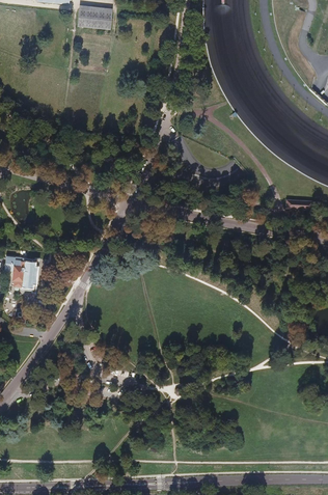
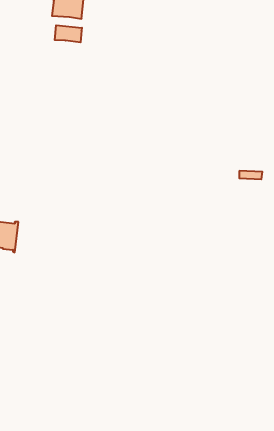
building: none -> [55,25,82,42]

